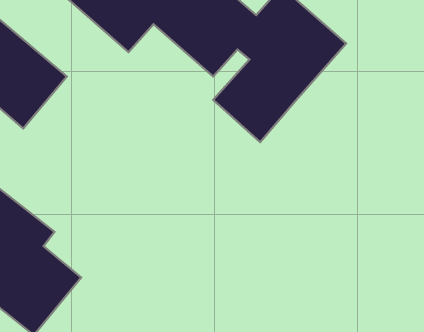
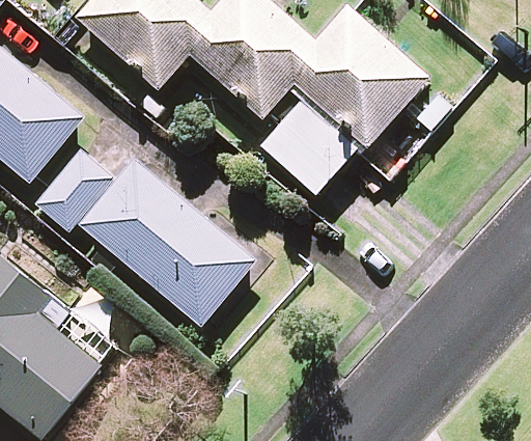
building: none -> [37,132,253,324]

